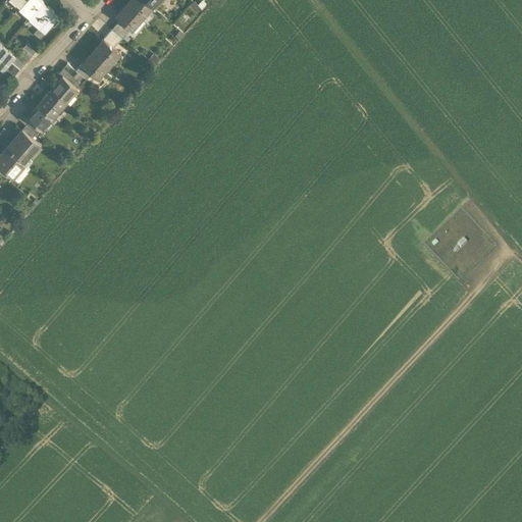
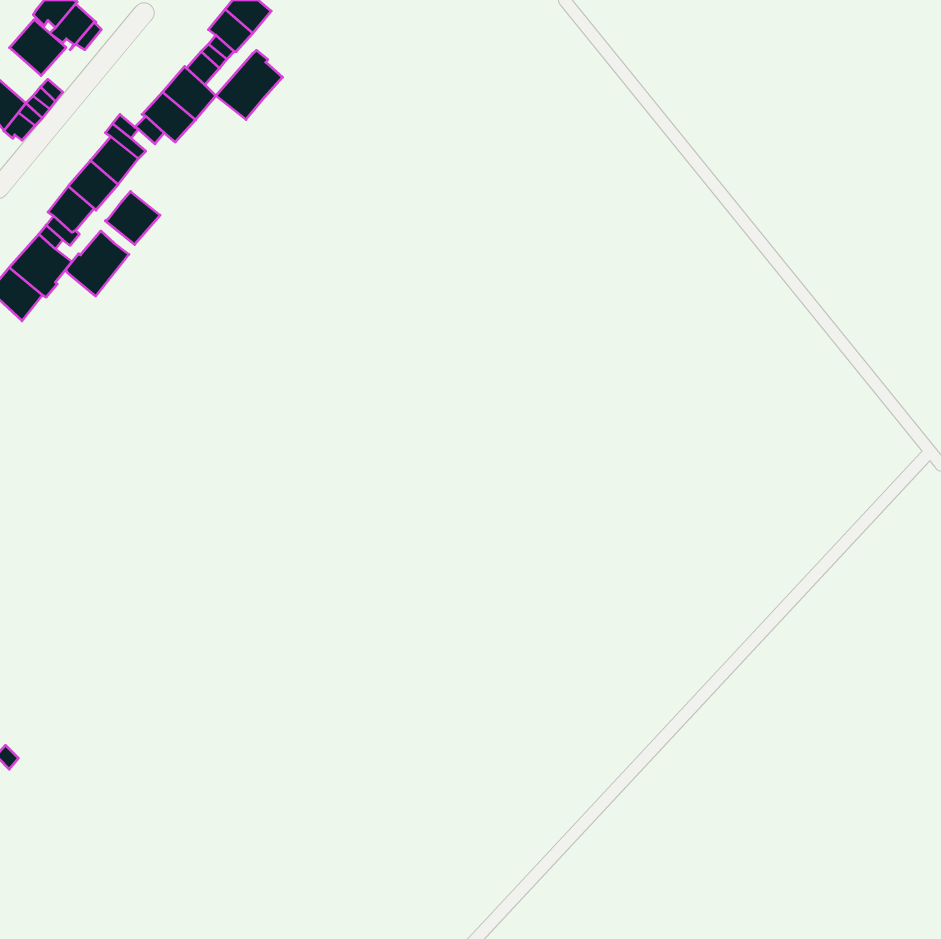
building: none -> [9,20,66,76]
building: none -> [216,50,283,120]
building: none -> [105,191,160,245]
building: none -> [66,231,129,296]

